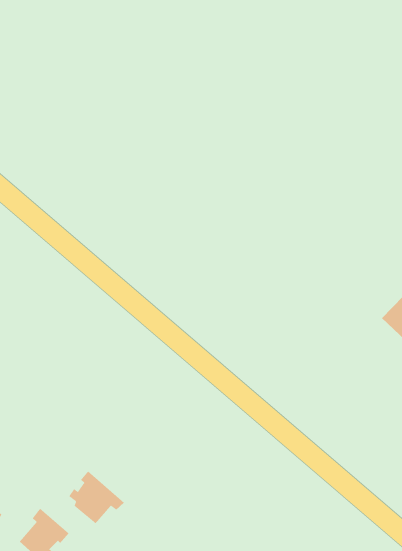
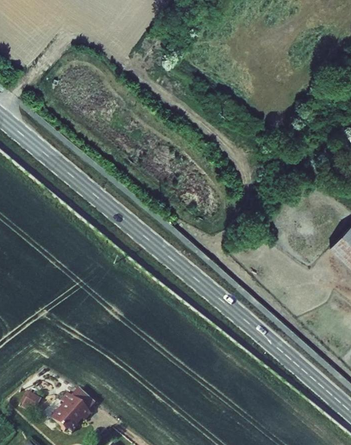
building: [68,471,125,524] -> none

